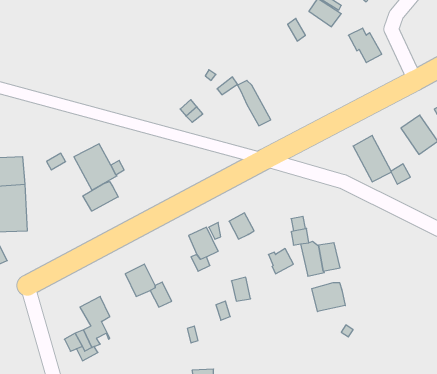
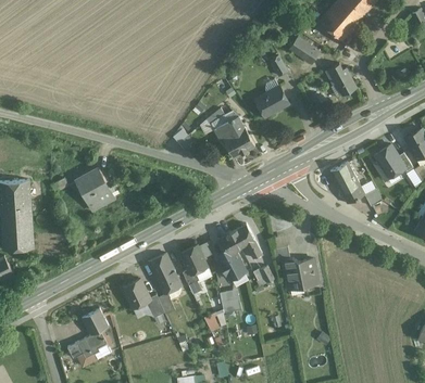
building: none -> [254,87,288,116]
building: none -> [213,122,243,158]
building: [83,182,118,211] -> none
building: none -> [230,222,262,257]
building: none -> [218,252,245,280]
building: none -> [148,254,180,294]
building: [312,283,345,312] -> none

